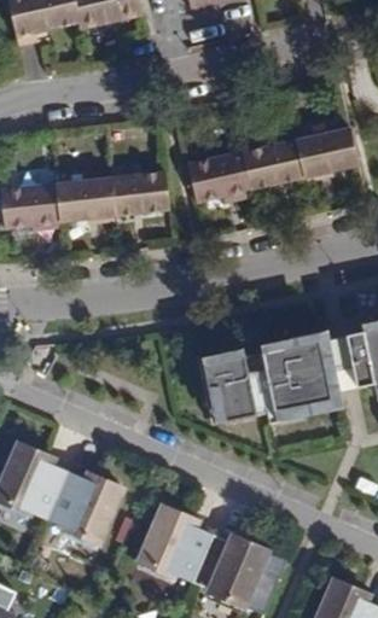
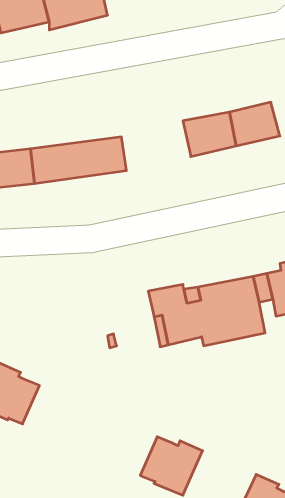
building: [191,148,252,203] -> none
building: [47,471,122,543] -> none
building: [138,505,211,581] -> none

